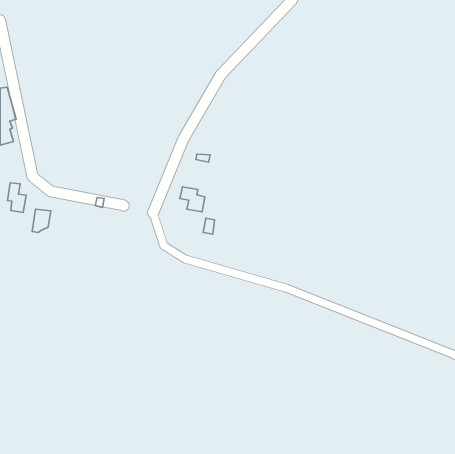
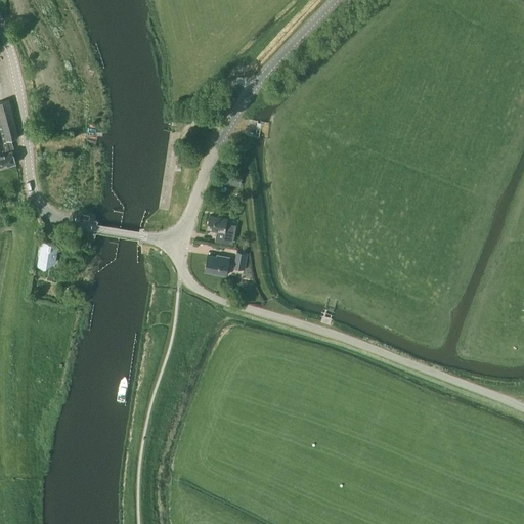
building: [8,183,26,213] -> none
building: none -> [204,256,229,275]

